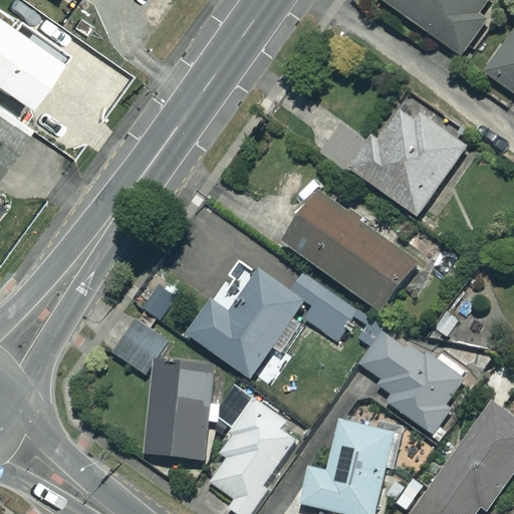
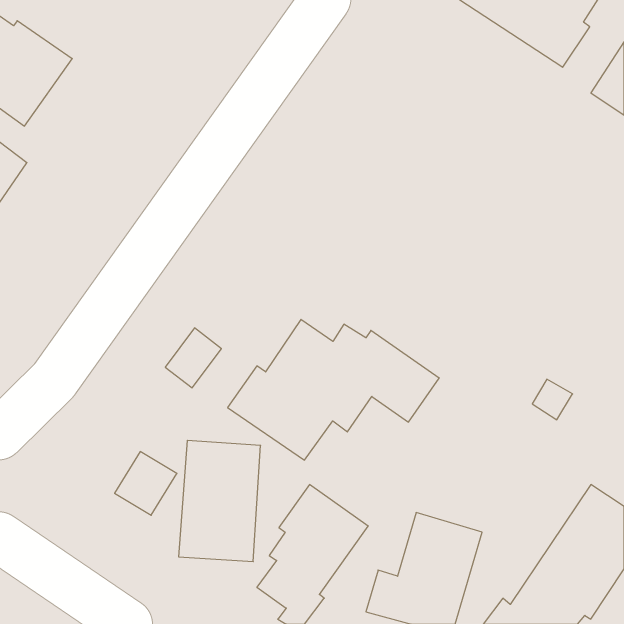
building: [325,93,466,216] -> none
building: [284,193,416,312] -> none
building: [358,319,470,445] -> none
building: [114,320,166,372] -> [115,452,177,515]

